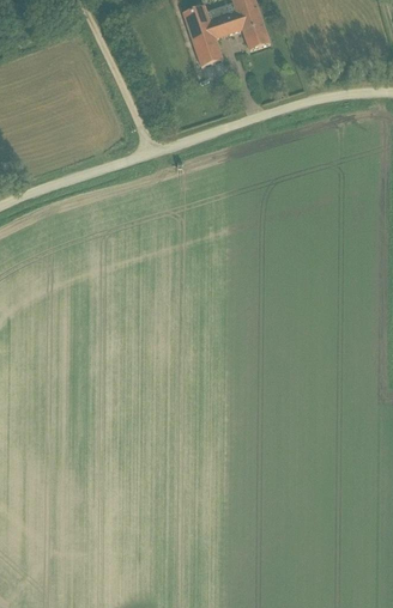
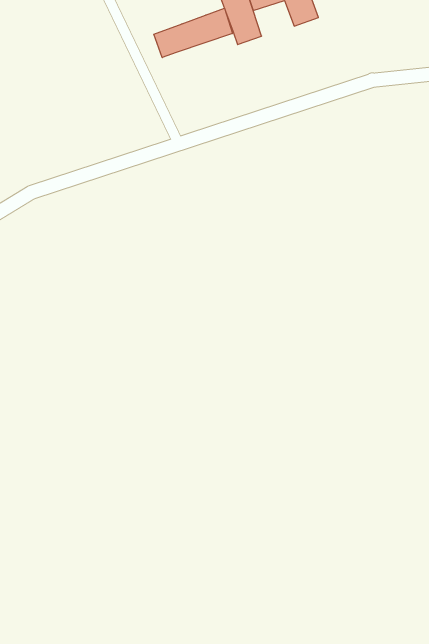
building: none -> [154,8,232,58]

